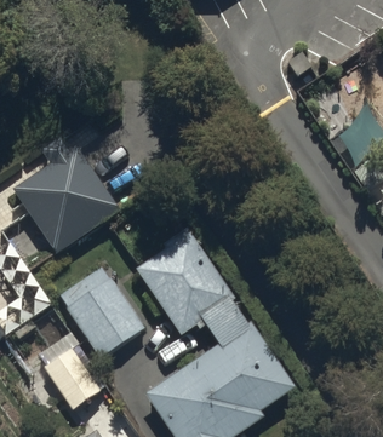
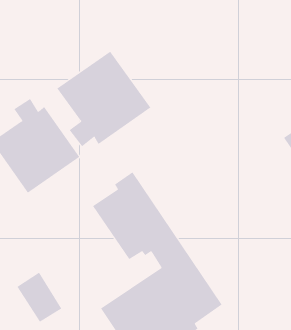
building: none -> [57,51,151,147]
building: [58,264,144,372] -> none

